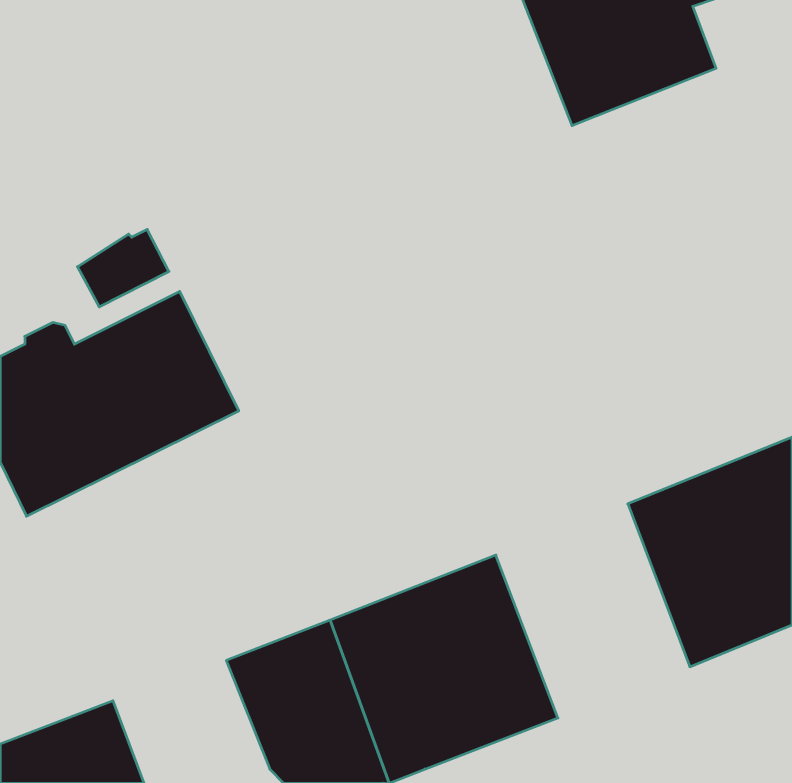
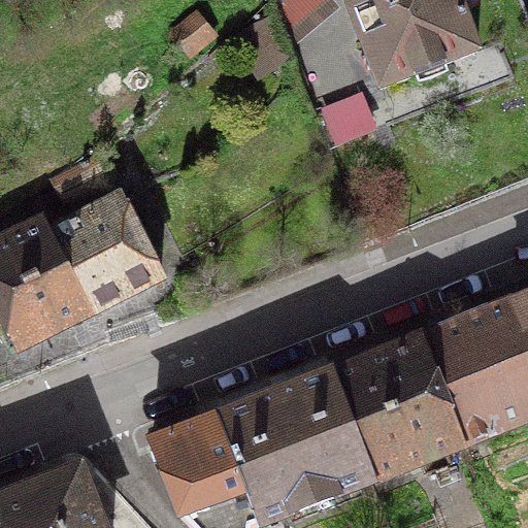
building: none -> [330,335,459,477]

